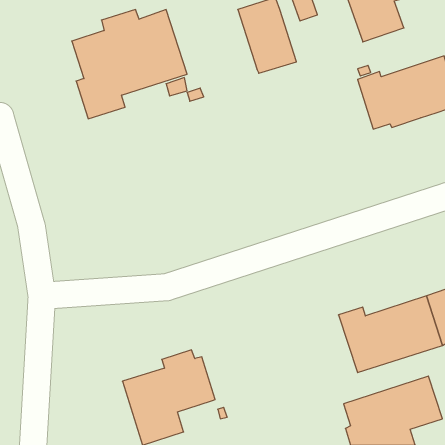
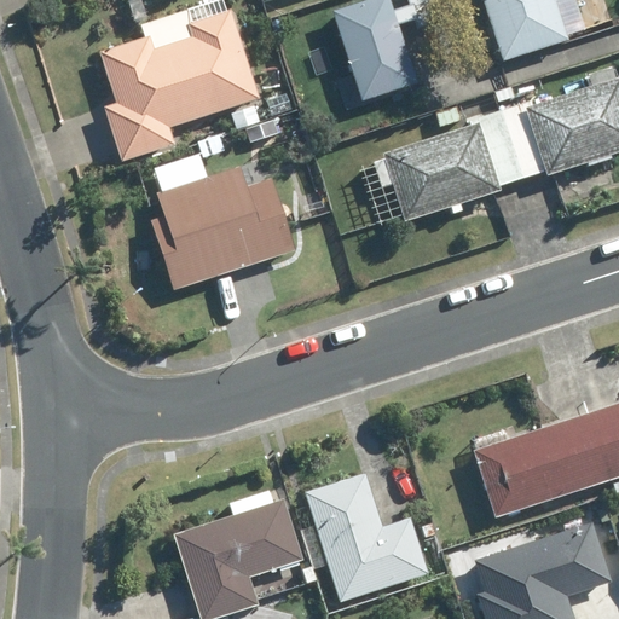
building: none -> [380,110,519,224]
building: none -> [154,172,297,295]
building: none -> [305,473,428,597]

